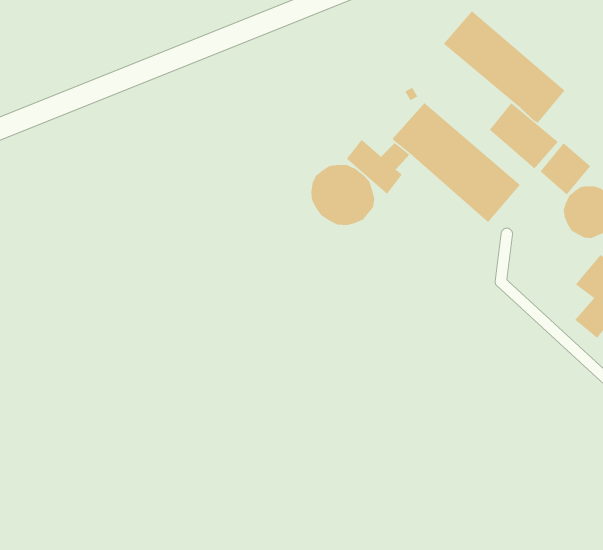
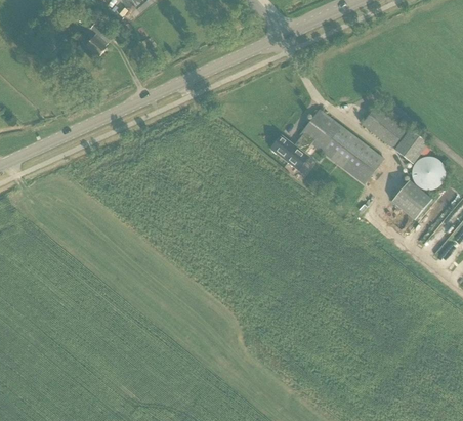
building: [443,10,565,124] -> none
building: [310,164,375,226] -> none
building: none -> [390,178,430,219]

